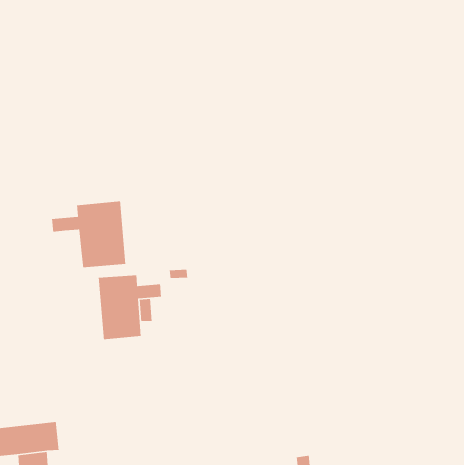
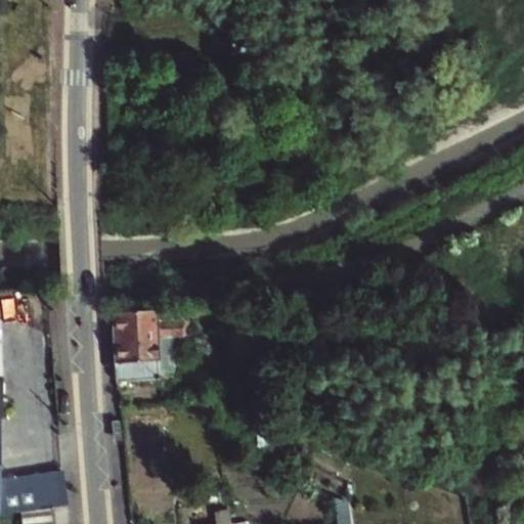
building: [51,200,126,268] -> none

